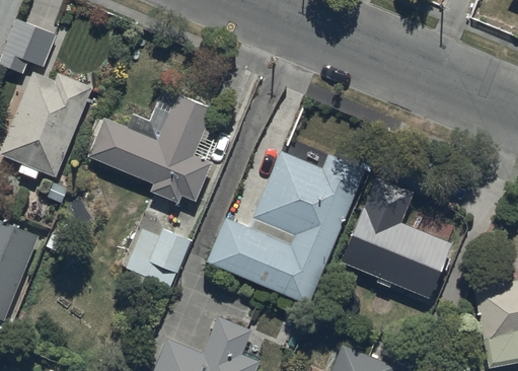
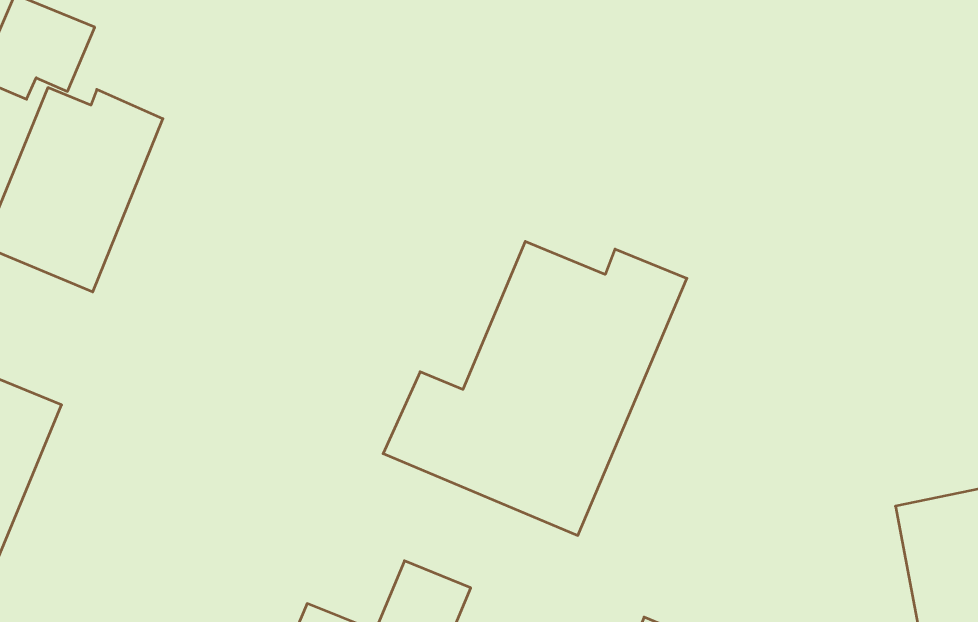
building: [87,92,213,202] -> none
building: [341,206,451,297] -> none
building: [126,229,191,287] -> none

